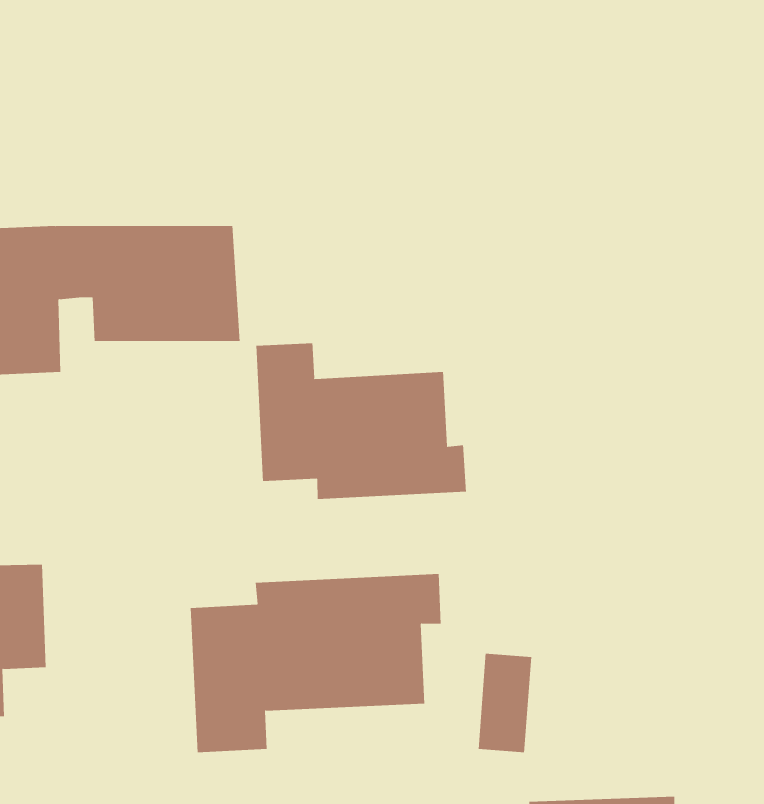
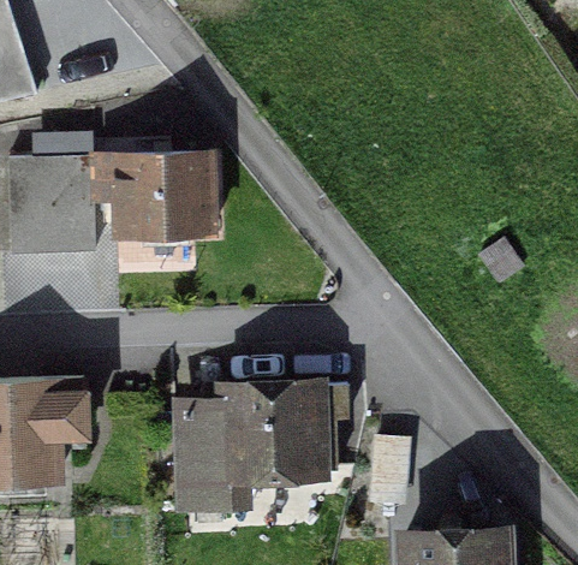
building: [256,343,467,500] -> none

